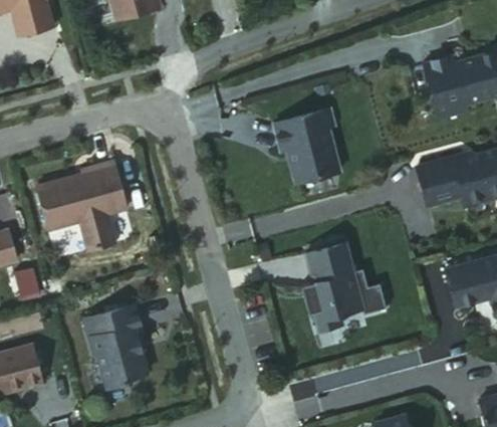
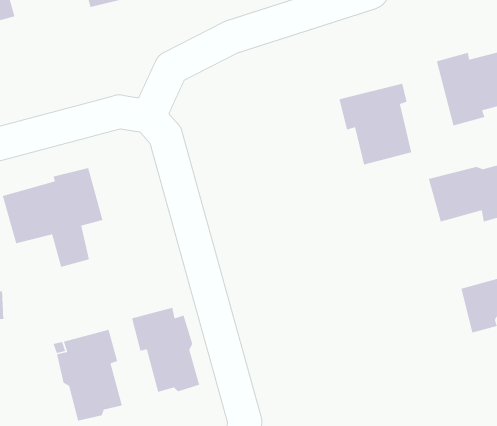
building: [274,110,339,183] -> [339,83,412,165]
building: [300,242,387,331] -> none
building: none -> [131,307,200,393]

